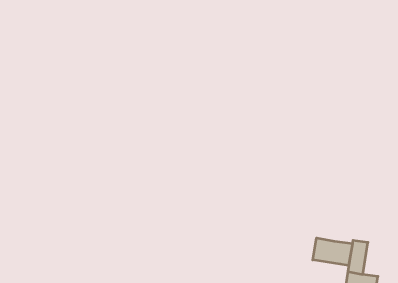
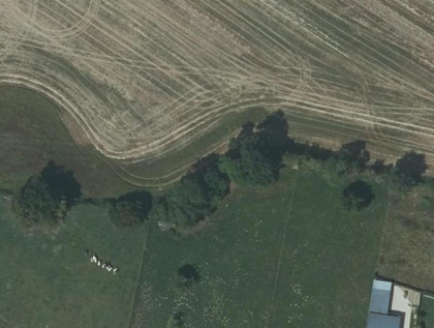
building: [313,238,352,266] -> none

